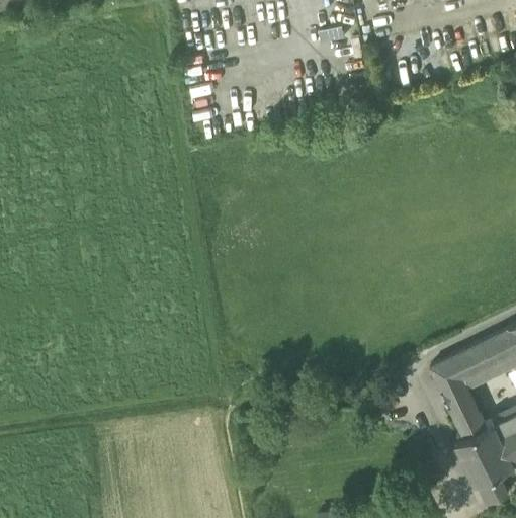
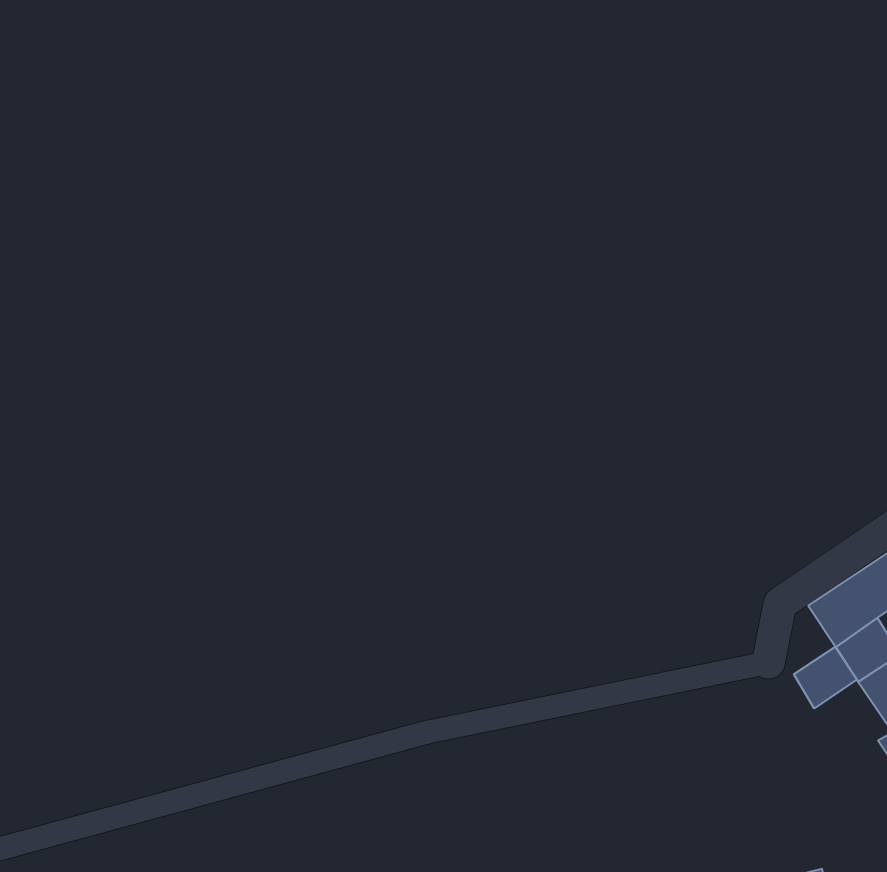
building: none -> [794,647,857,708]

